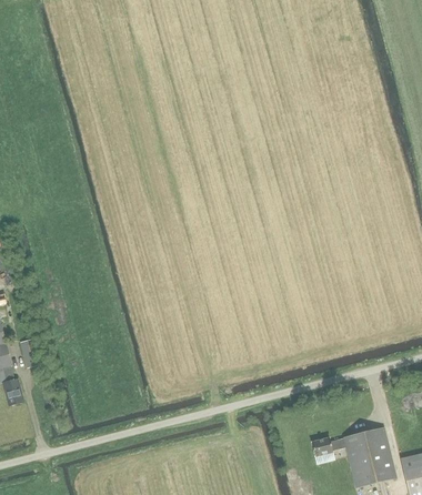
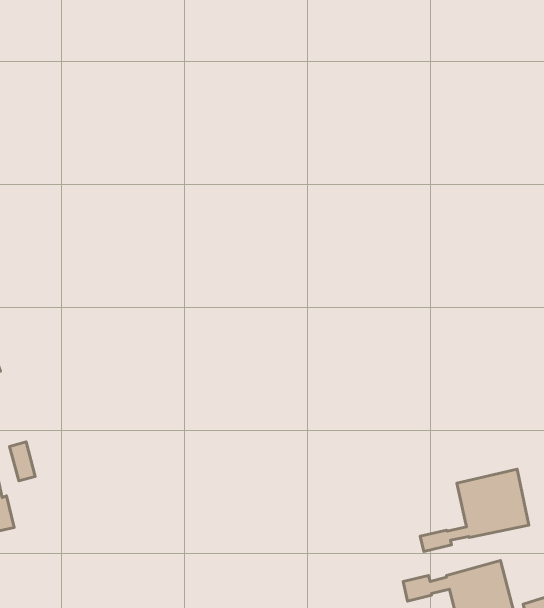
building: none -> [420,469,529,551]

